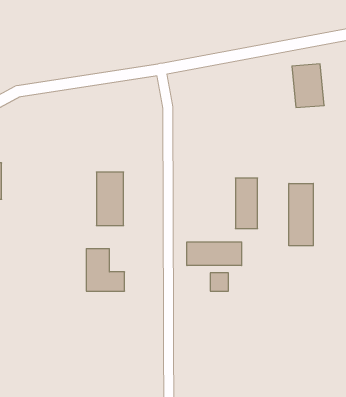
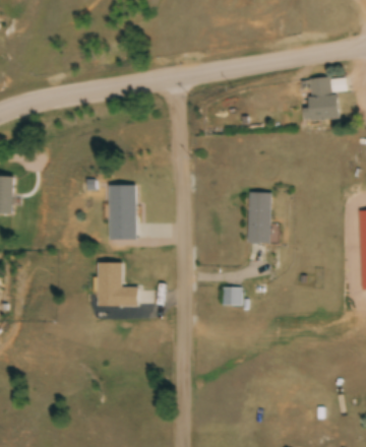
building: [289,183,313,246] -> none
building: [187,242,242,266] -> none

